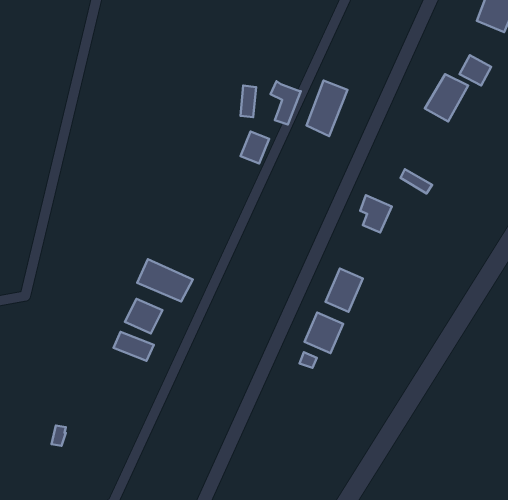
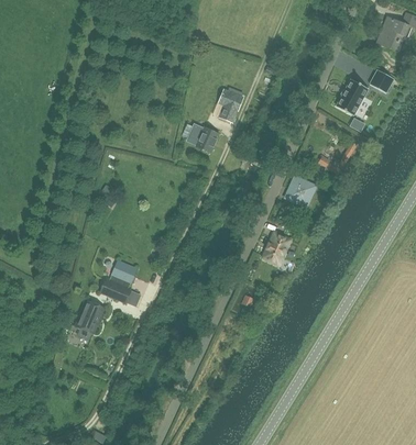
building: [306,80,347,136] -> none
building: [137,259,193,302] -> none
building: [305,313,343,353] -> none
building: none -> [76,300,103,332]

